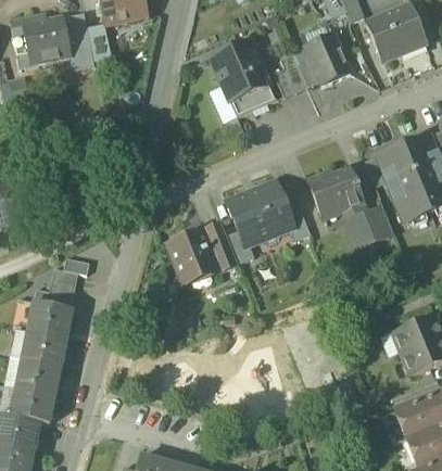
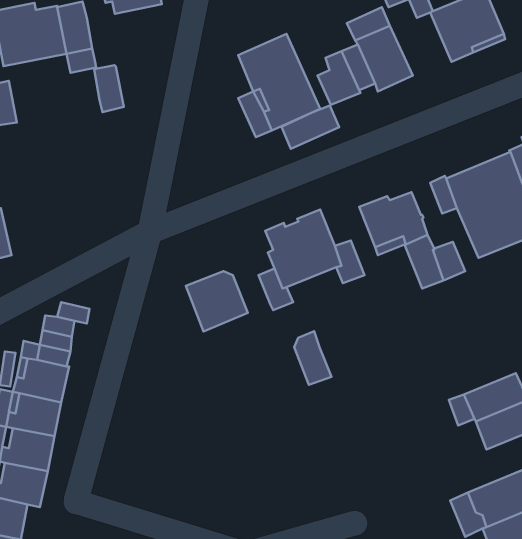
building: [87,23,111,61] -> [94,65,124,112]
building: none -> [282,105,339,149]
building: [205,221,236,265] -> [294,331,332,385]

